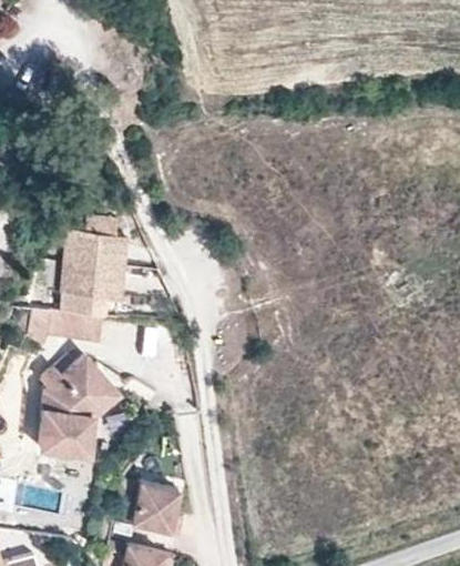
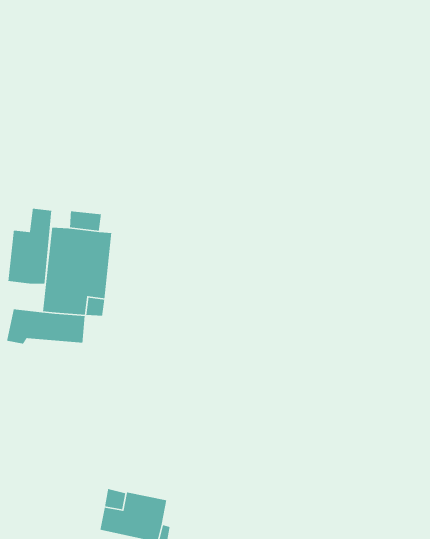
building: none -> [7,208,52,285]
building: [38,356,117,454] -> none

